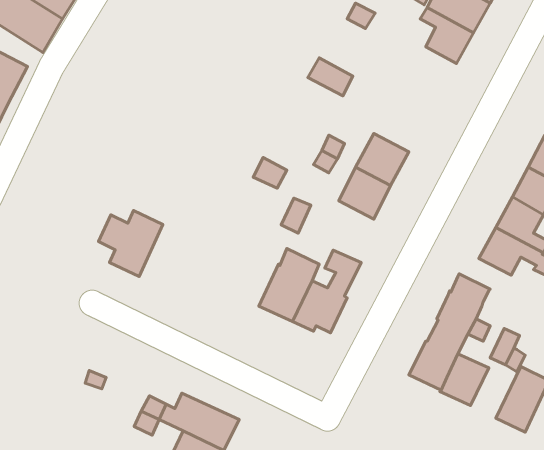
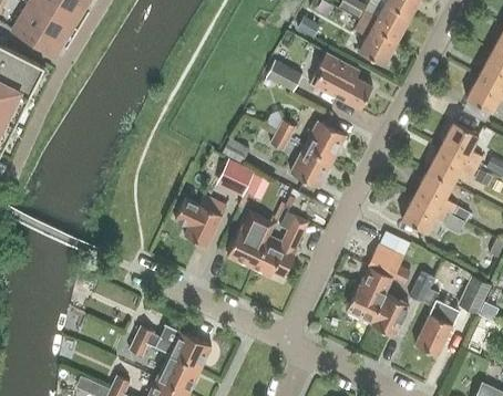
building: none -> [309,53,372,110]
building: none -> [218,161,254,195]
building: [98,211,163,276] -> [175,195,226,247]

